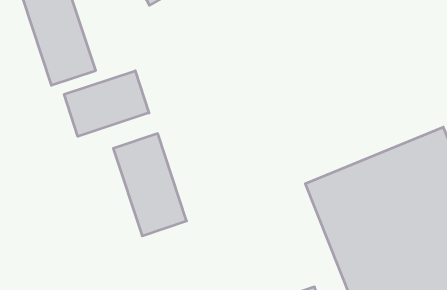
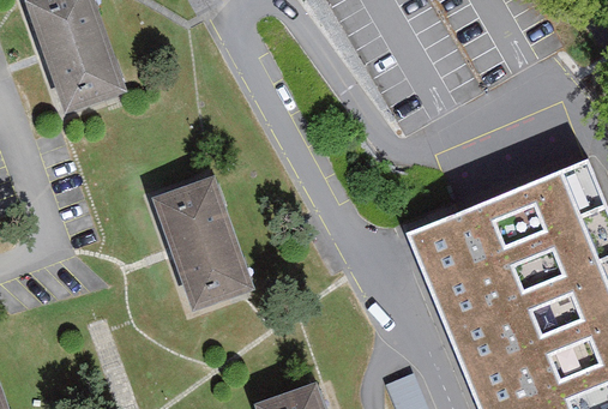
building: [64,71,149,136] -> none

